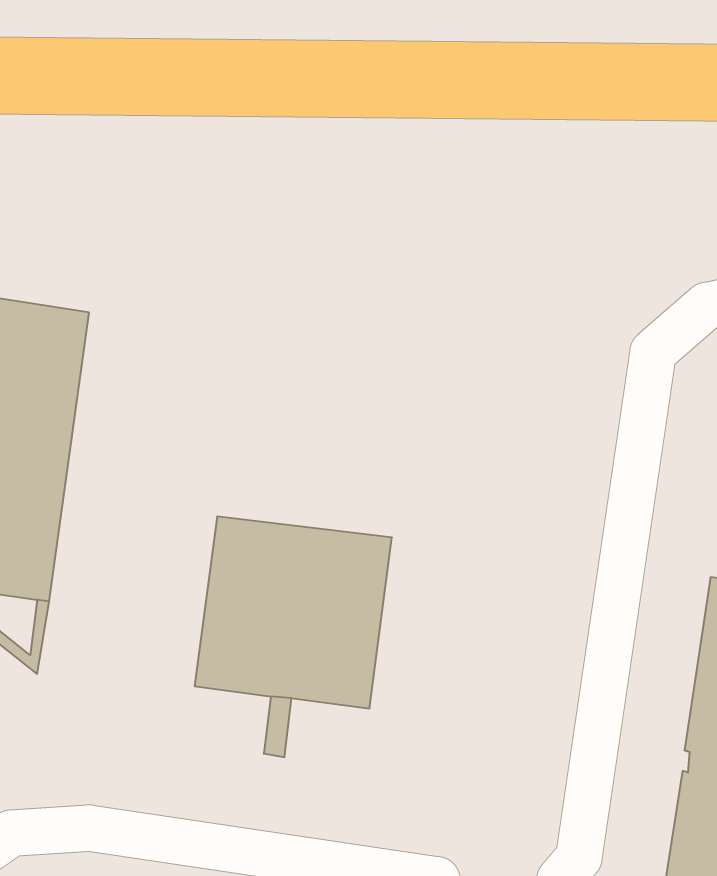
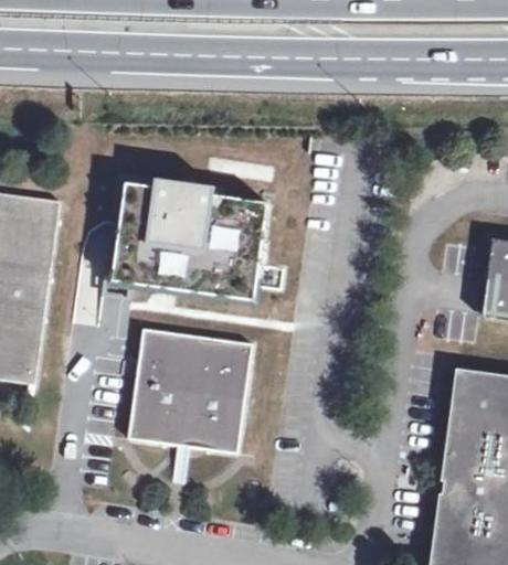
building: none -> [109,175,267,298]

